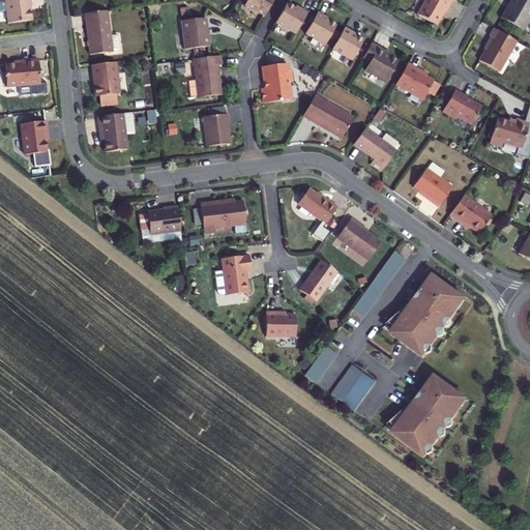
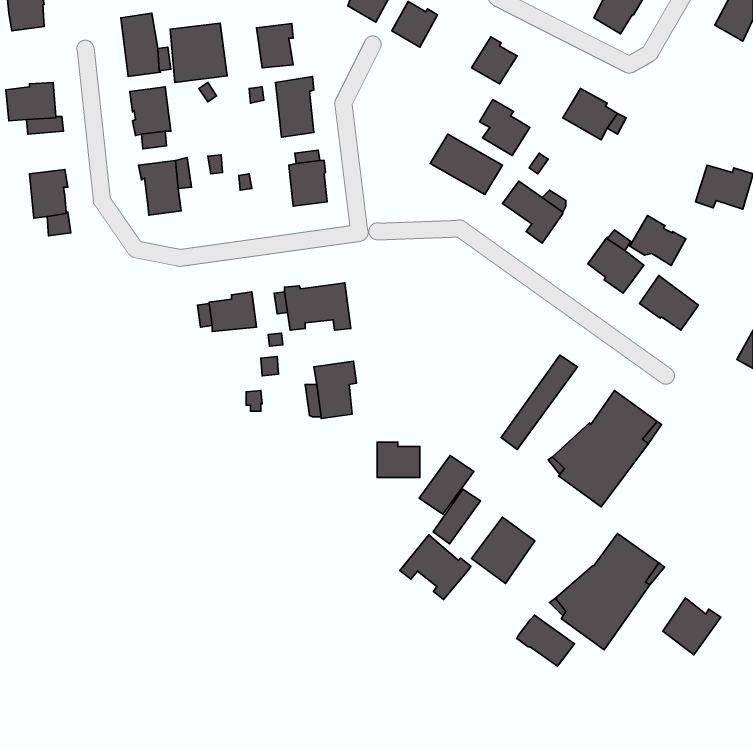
building: [304,10,336,43] -> none
building: none -> [170,23,227,82]
building: [478,27,516,70] -> none
building: [362,41,398,81] -> [480,100,530,156]
building: [261,62,291,101] -> none
building: [442,88,481,123] -> [630,215,686,265]
building: [299,187,336,222] -> none
building: [336,216,381,259] -> none
building: [299,259,337,300] -> [419,455,474,514]
building: none -> [400,535,471,599]
building: none -> [663,598,721,655]
building: none -> [517,615,575,666]

